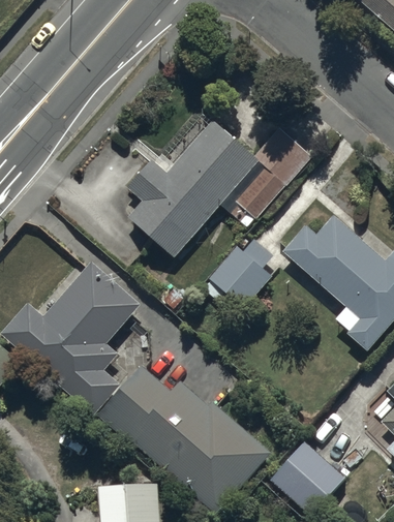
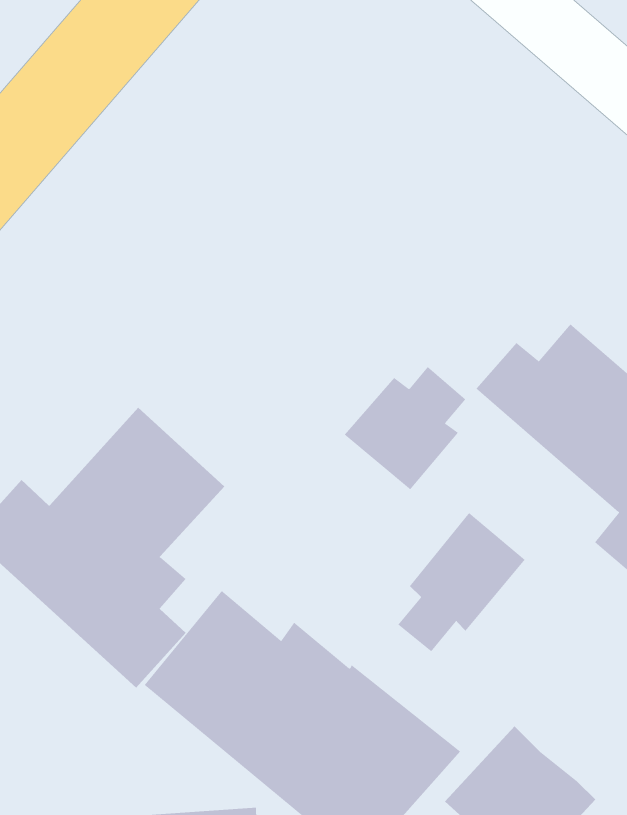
building: [126,118,310,256] -> none
building: none -> [397,512,525,652]

